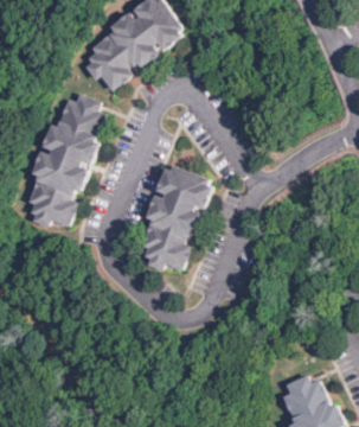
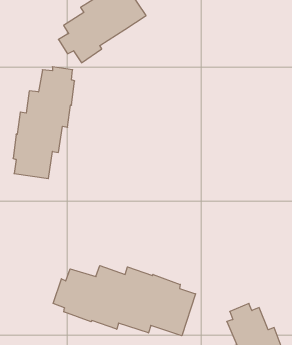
building: [142,165,213,270] -> none
building: none -> [53,266,196,336]

